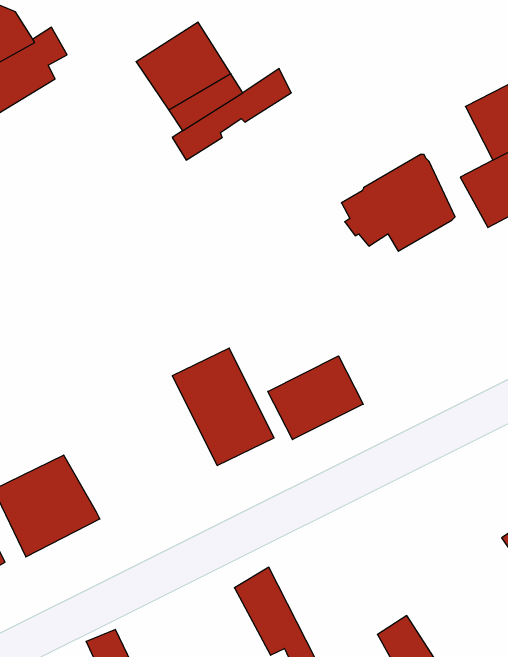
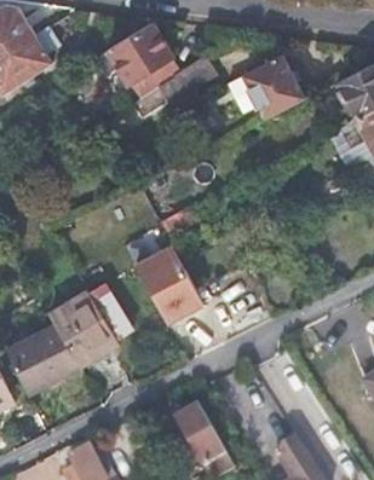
building: [341,155,455,251] -> [221,48,301,116]
building: [268,356,363,440] -> none
building: none -> [50,295,117,364]

